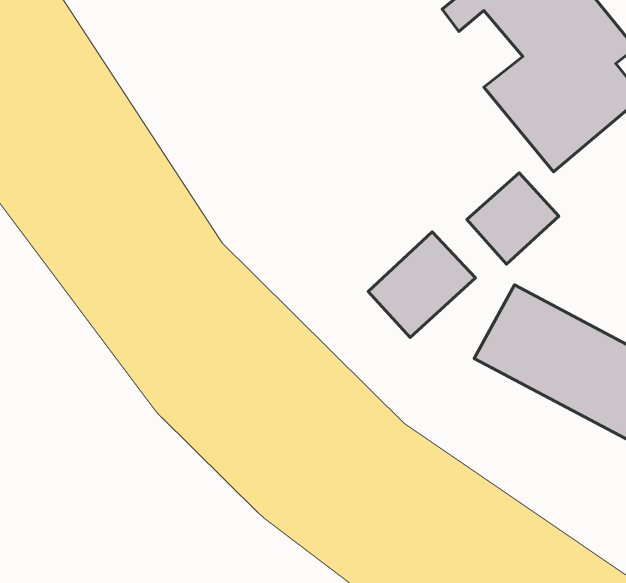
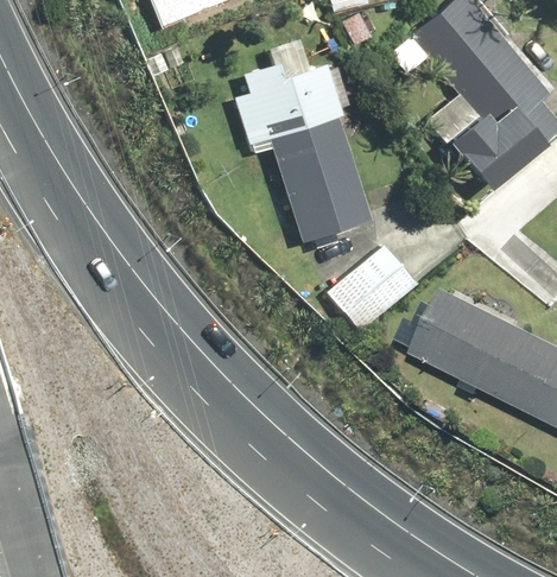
building: none -> [227,52,373,246]
building: [467,173,559,264] -> none

